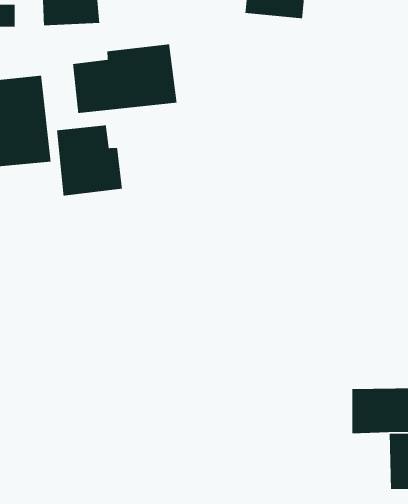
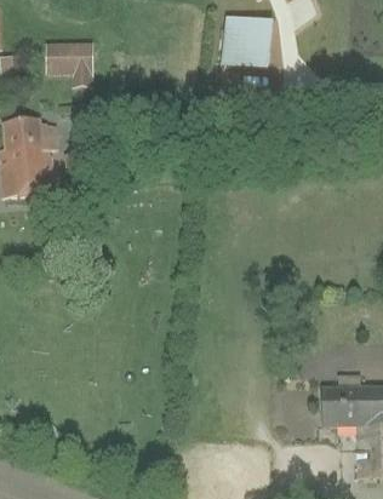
building: [72,44,178,114] -> none
building: [56,124,123,196] -> none

